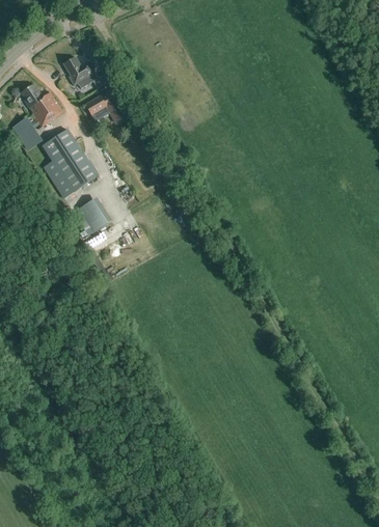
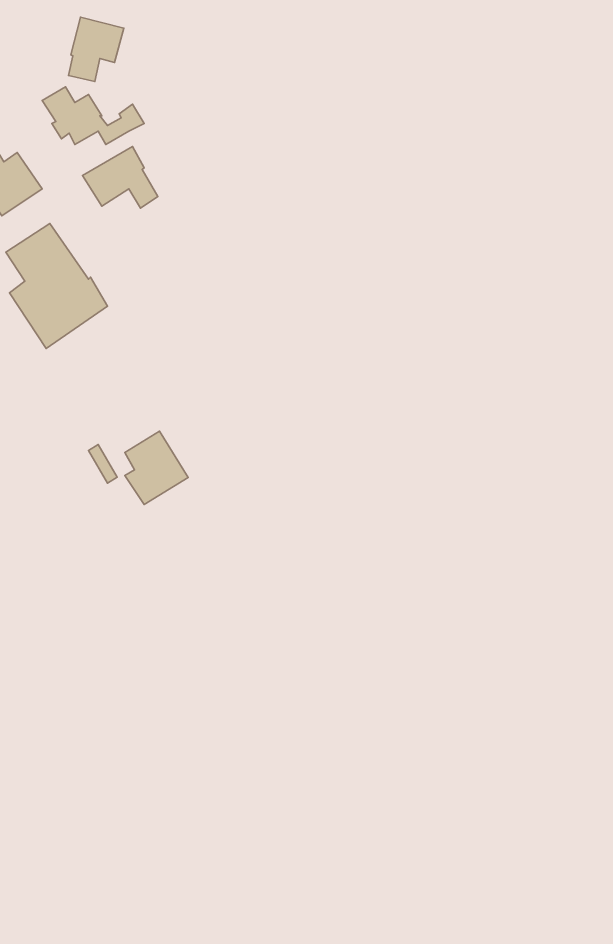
building: none -> [68,17,124,82]
building: [78,195,112,234] -> [125,431,188,504]

